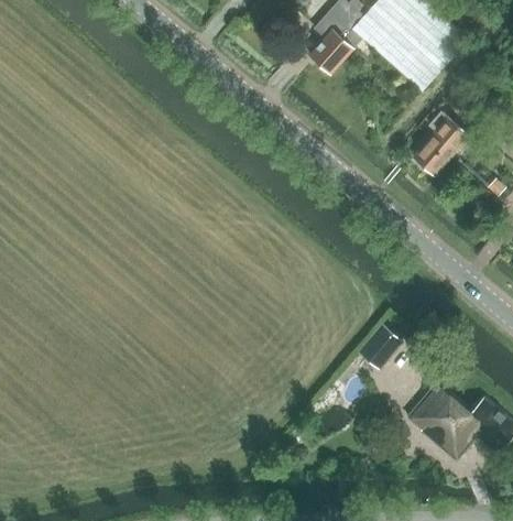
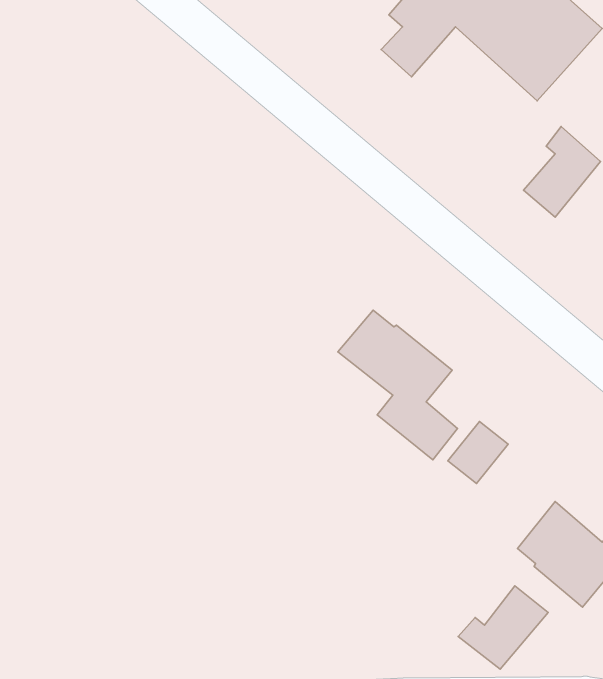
building: none -> [338,310,458,460]
building: none -> [458,586,548,669]

